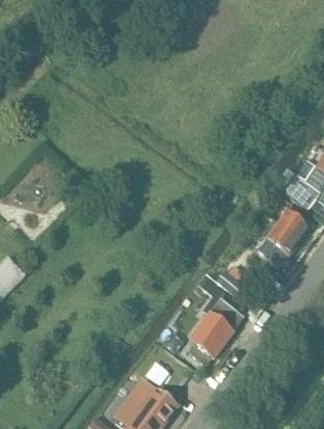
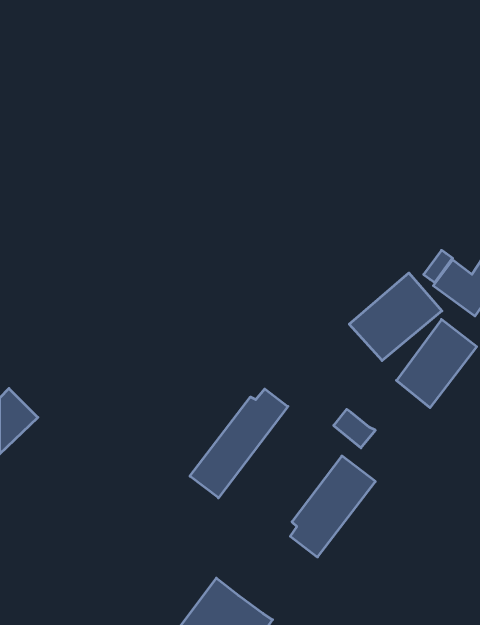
building: none -> [349,273,442,361]
building: none -> [190,389,288,498]

